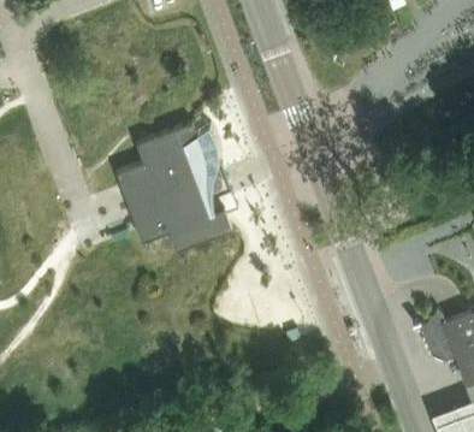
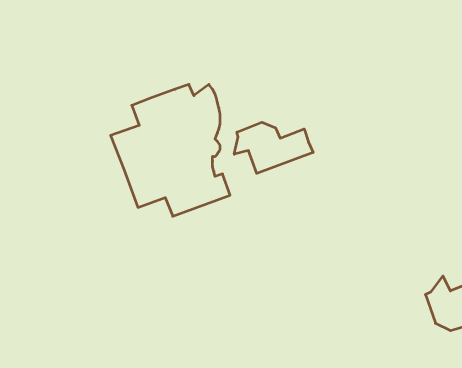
building: none -> [234,122,313,173]

